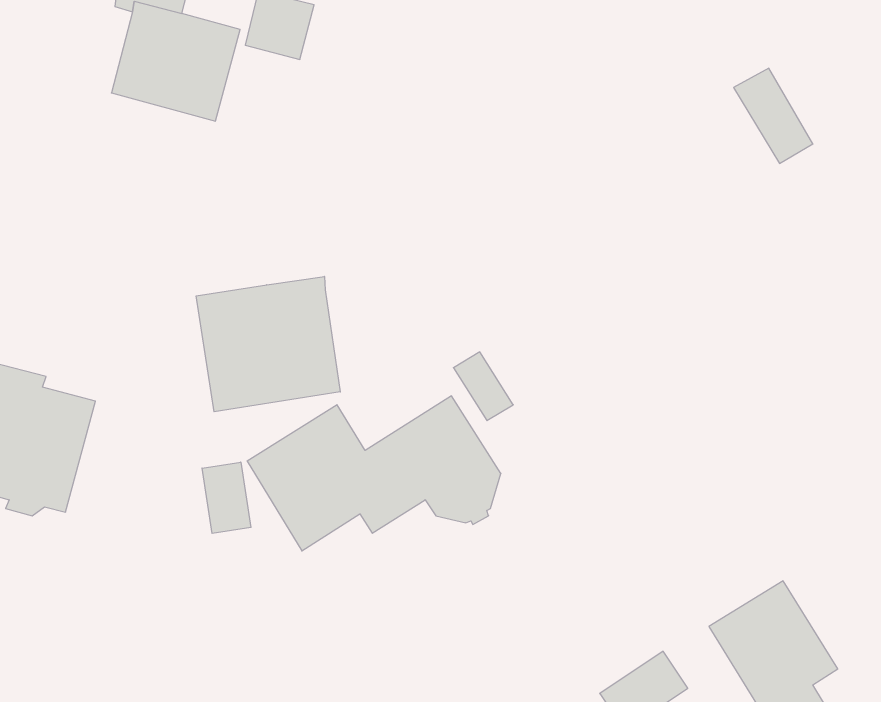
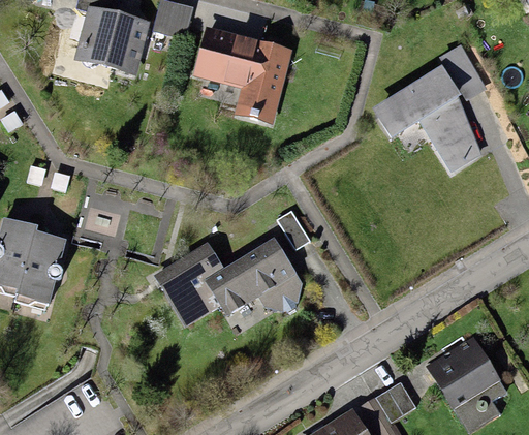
building: none -> [192,26,292,122]
building: none -> [372,62,479,169]
building: [196,276,340,412] -> none
building: [202,462,251,533] -> none

